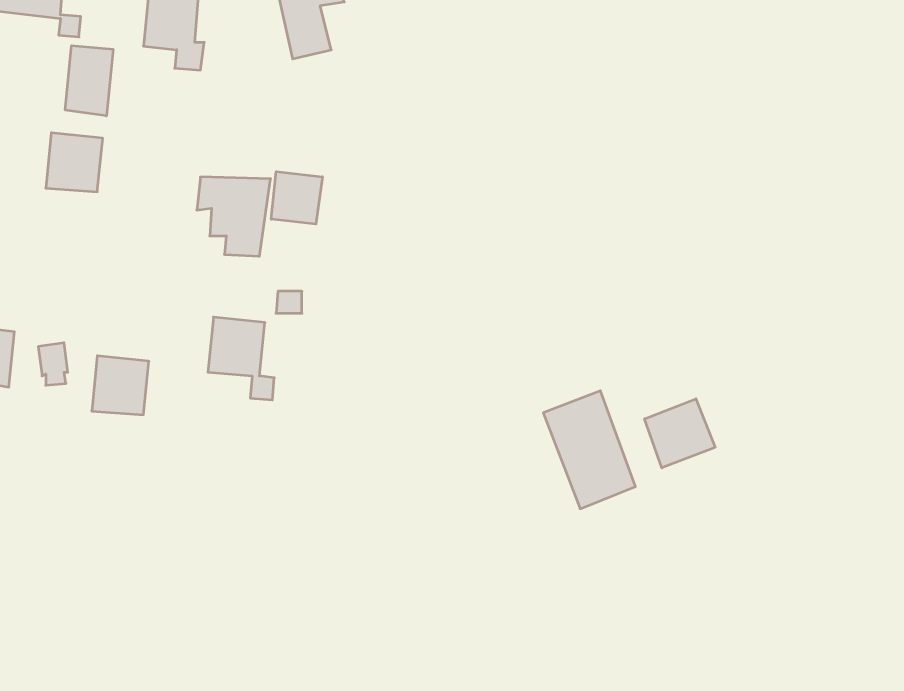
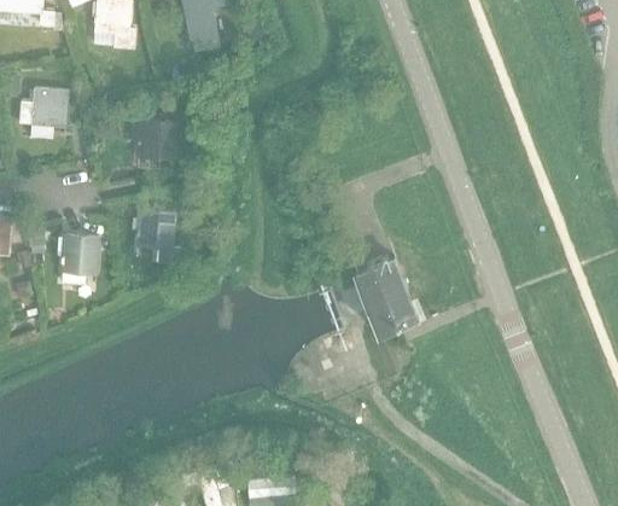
building: [65,46,113,116] -> none
building: [271,172,322,224] -> none
building: [645,399,715,468] -> none

